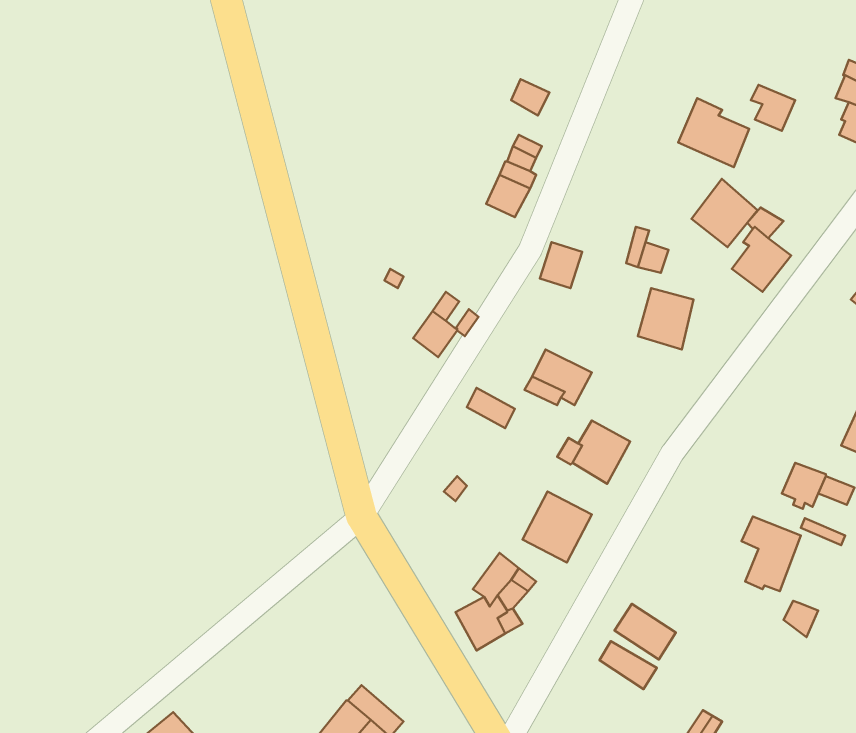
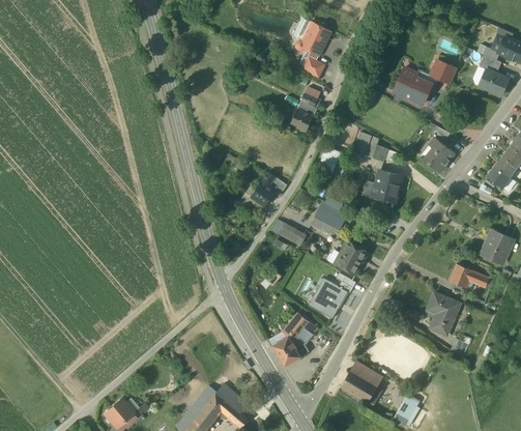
building: none -> [296,22,330,55]
building: [692,179,757,247] -> none
building: [615,604,676,659] -> [342,371,375,401]

